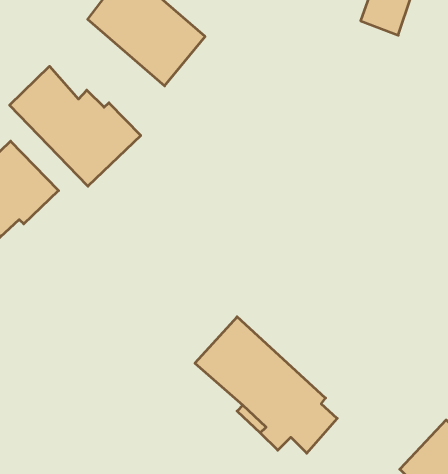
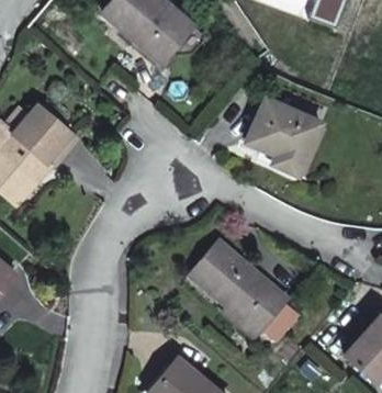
building: [10,66,141,186] -> none
building: none -> [251,101,325,175]

